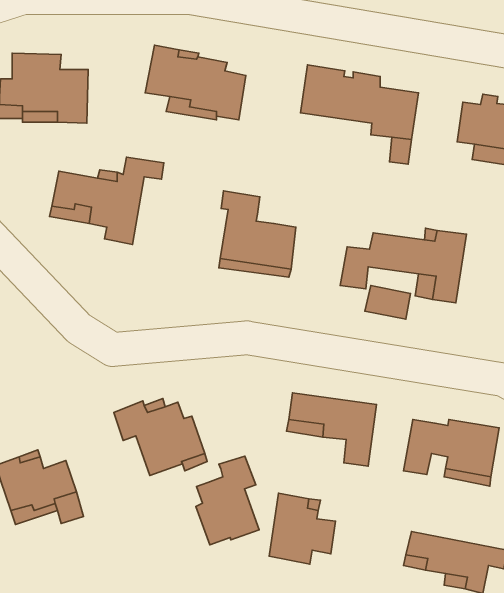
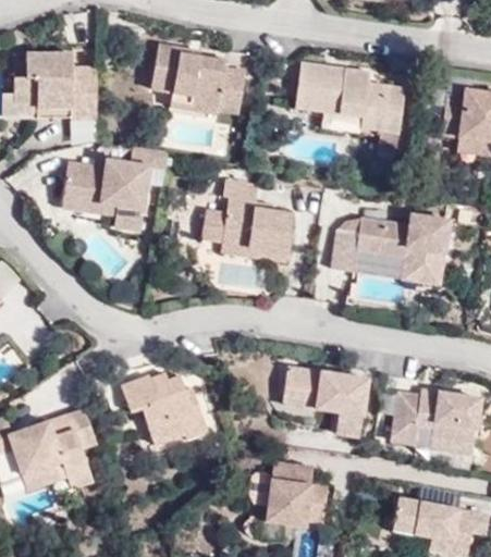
building: [196,456,259,545] -> none

